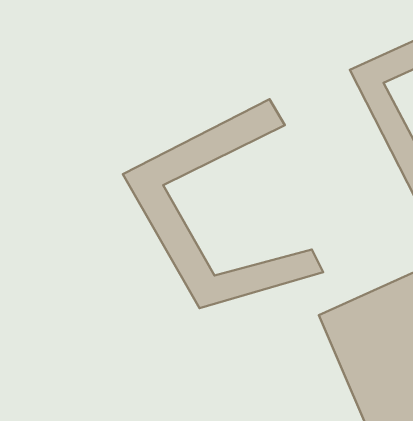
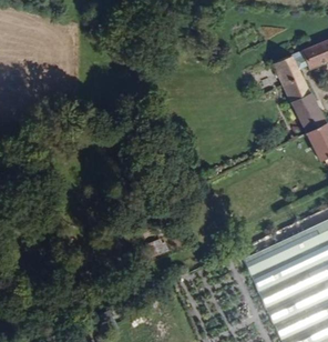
building: [123,99,323,308] -> none

